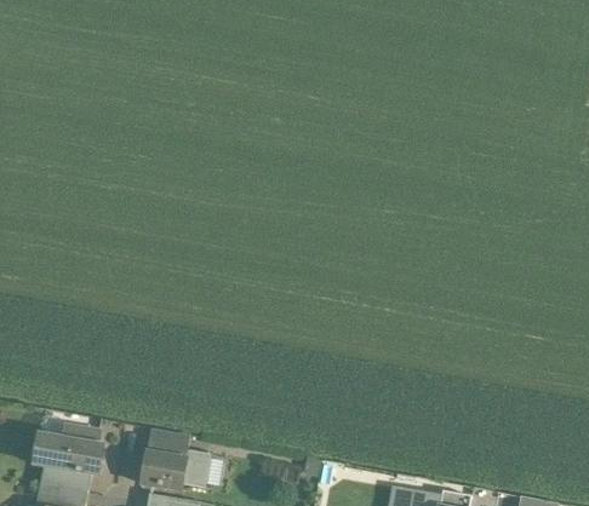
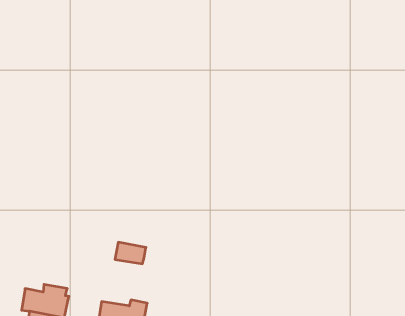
building: [145,431,189,461] -> [115,242,146,264]

